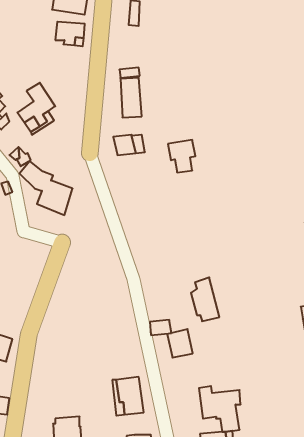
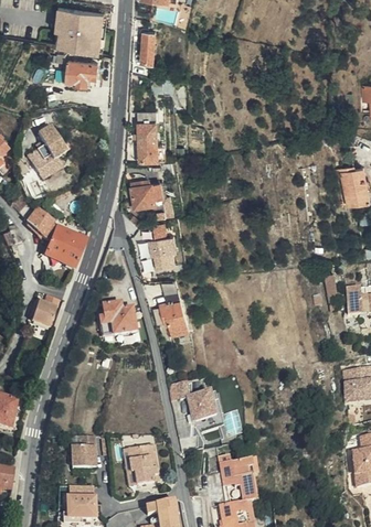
building: [168,140,195,172] -> [144,227,173,262]
building: none -> [34,294,62,325]
building: none -> [97,303,136,337]
building: [191,277,219,321] -> [157,283,188,331]
building: none -> [71,438,94,470]

